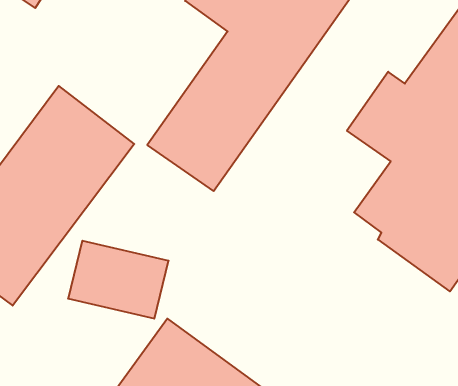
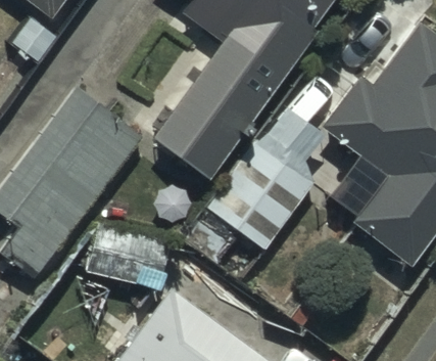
building: none -> [211,107,323,249]

